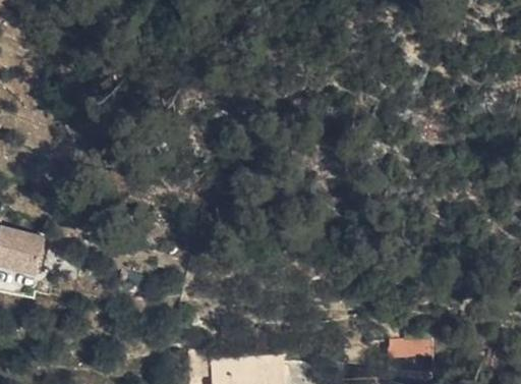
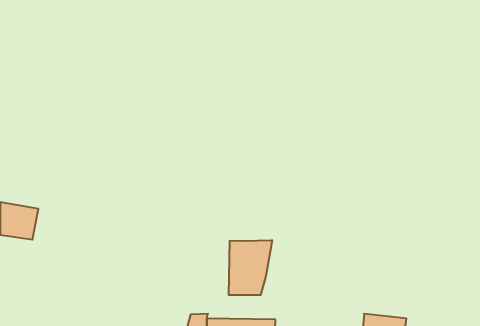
building: none -> [229,240,272,295]

